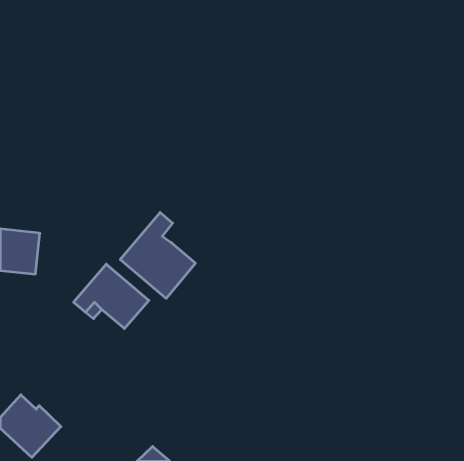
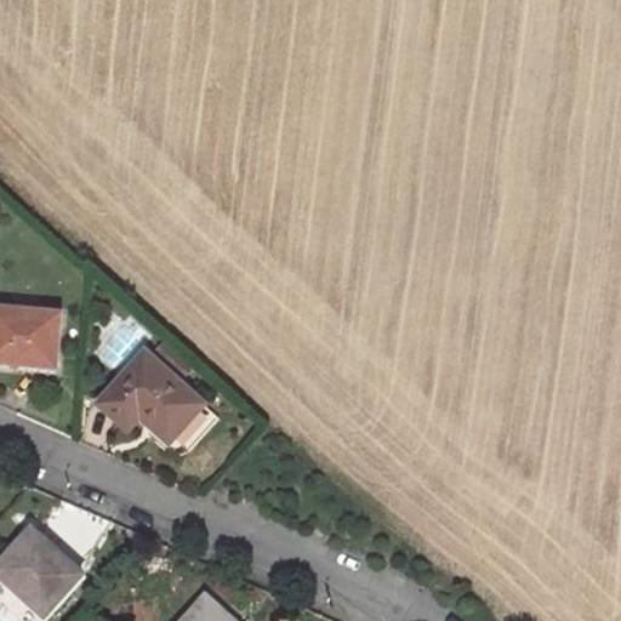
building: [120,212,195,298] -> none

